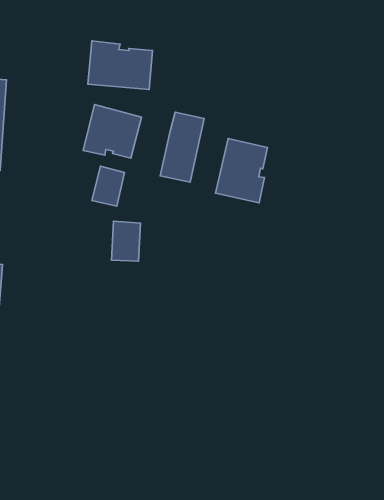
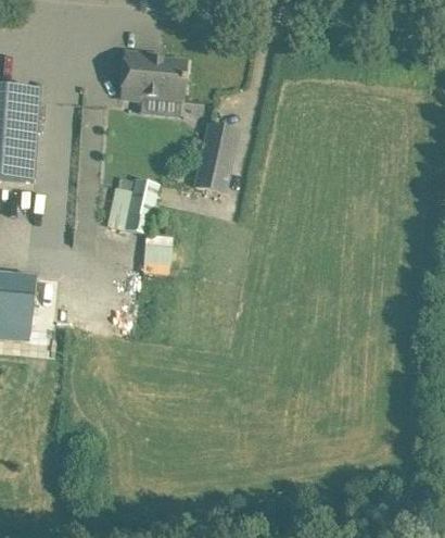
building: [83,105,142,158] -> none
building: [215,138,268,203] -> none

